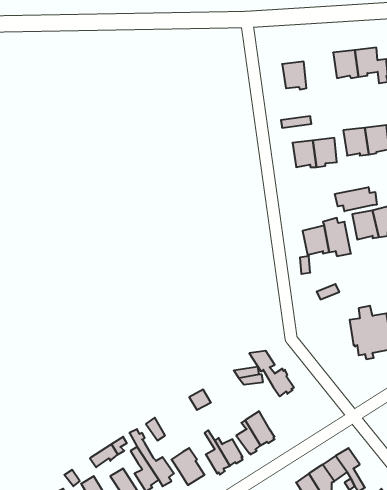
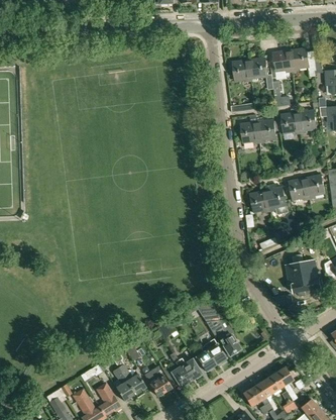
building: none -> [249,58,273,88]
building: [335,187,377,211] -> none
building: [249,351,294,396] -> [205,320,240,356]

